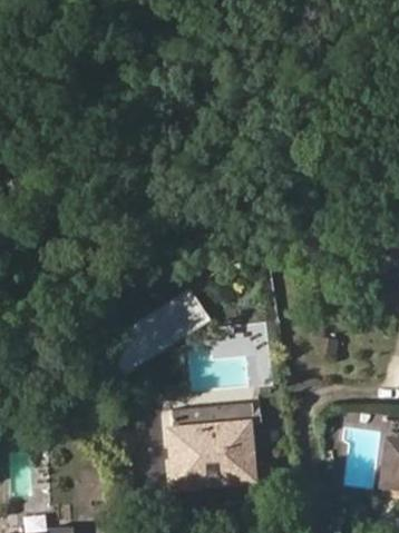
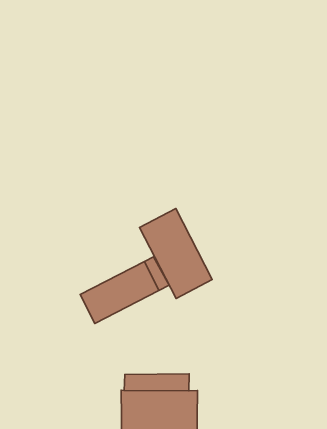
building: none -> [140,208,212,298]

